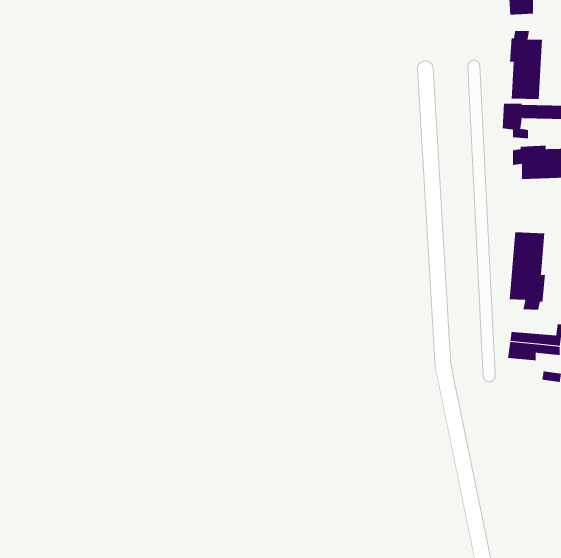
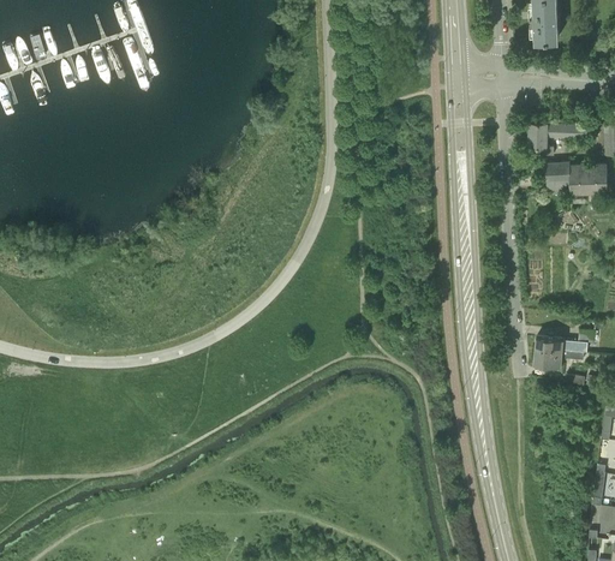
building: [509,30,543,100] -> none
building: [509,232,545,310] -> none

